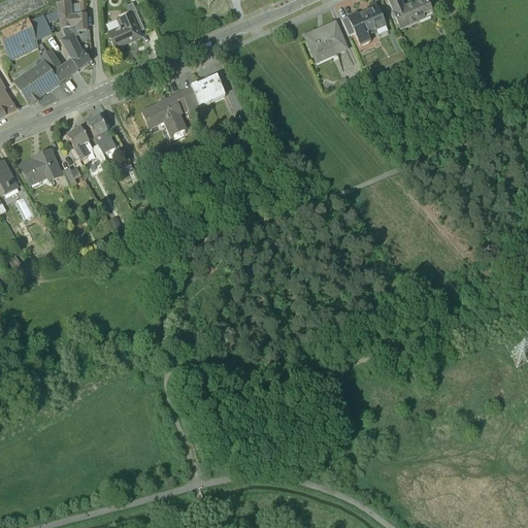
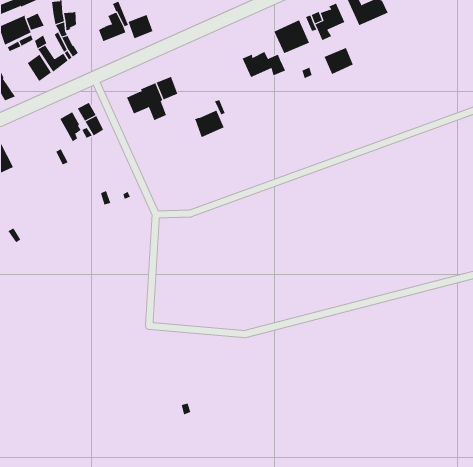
building: none -> [128,14,153,39]
building: none -> [324,47,354,75]
building: none -> [242,51,286,78]
building: [15,70,44,101] -> none
building: [191,73,225,104] -> [194,110,224,138]
building: [21,147,62,187] -> none

